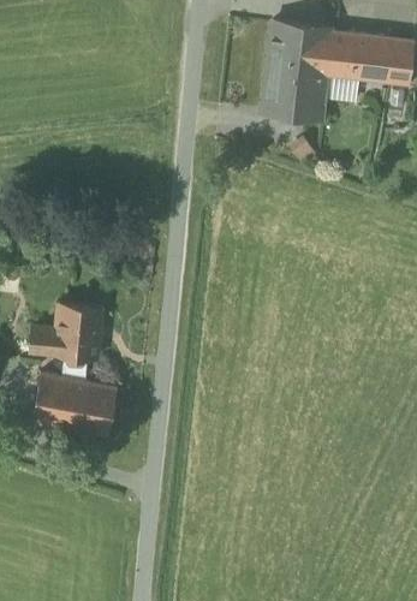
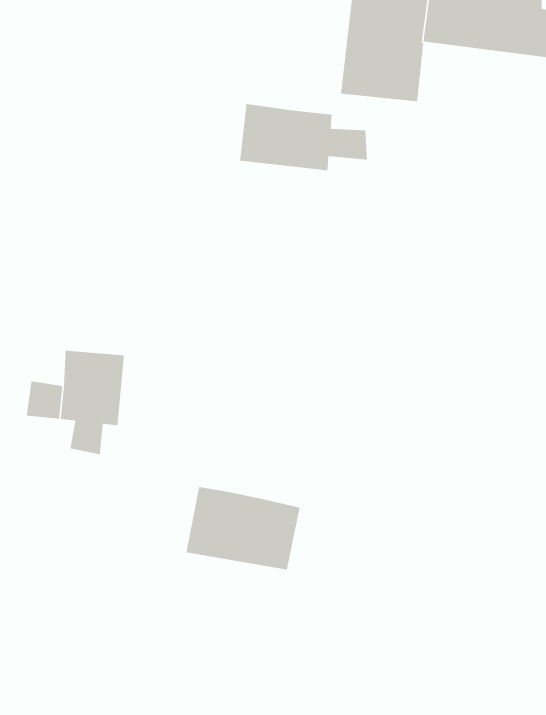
building: none -> [239,103,368,171]
building: [30,374,115,436] -> [186,486,301,570]

